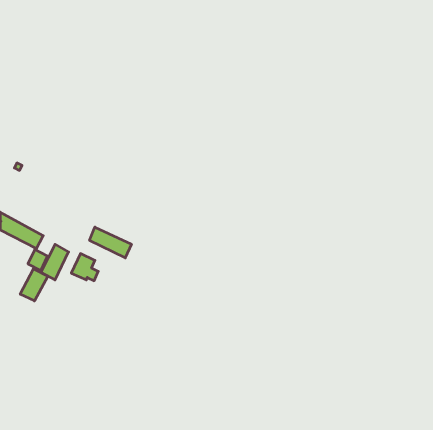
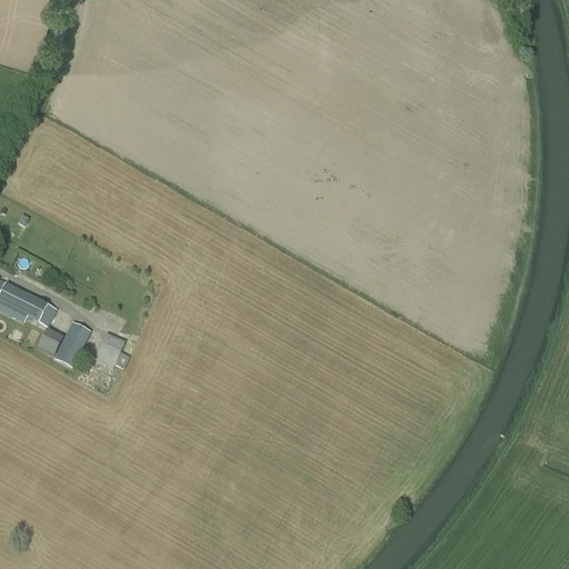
building: [90,227,131,258] -> none
building: [20,269,48,301] -> none

